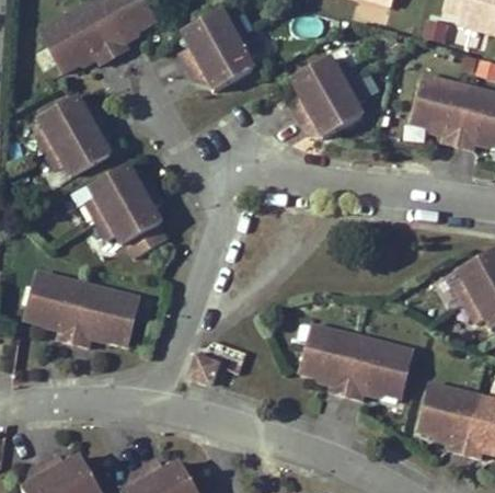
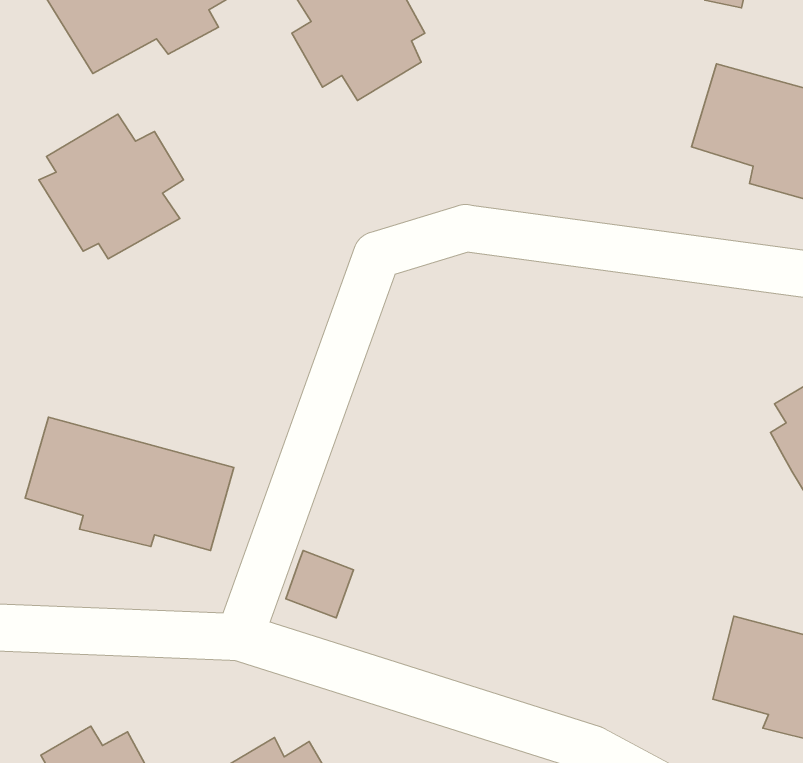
building: [286,56,360,135] -> none
building: [88,169,171,261] -> none
building: [302,328,414,399] -> none

